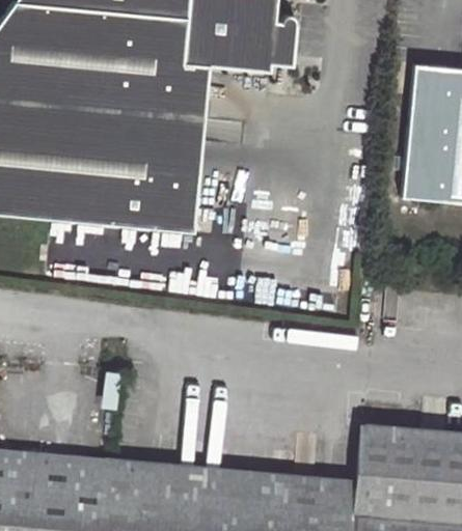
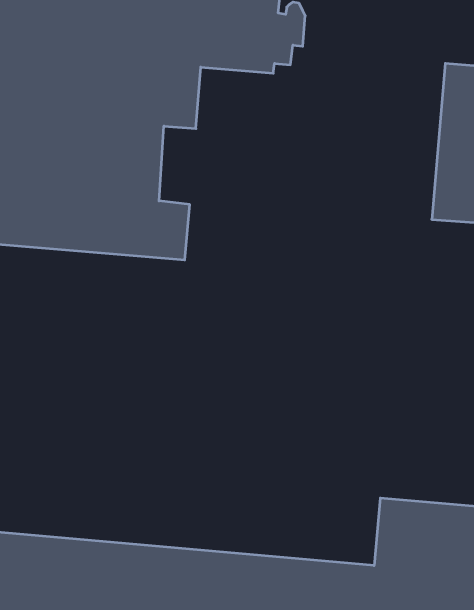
building: [173,114,205,180] -> none

